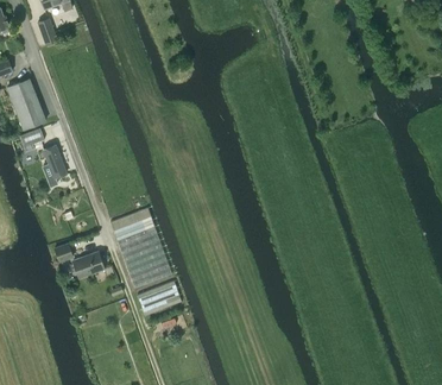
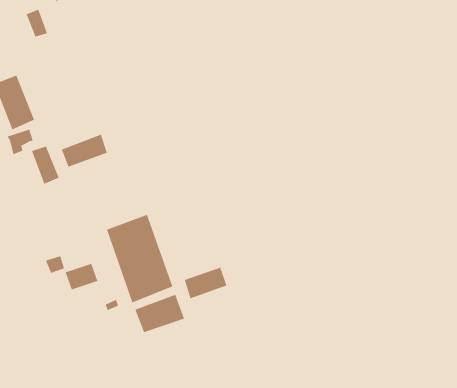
building: none -> [61,134,107,168]
building: none -> [184,267,227,299]

